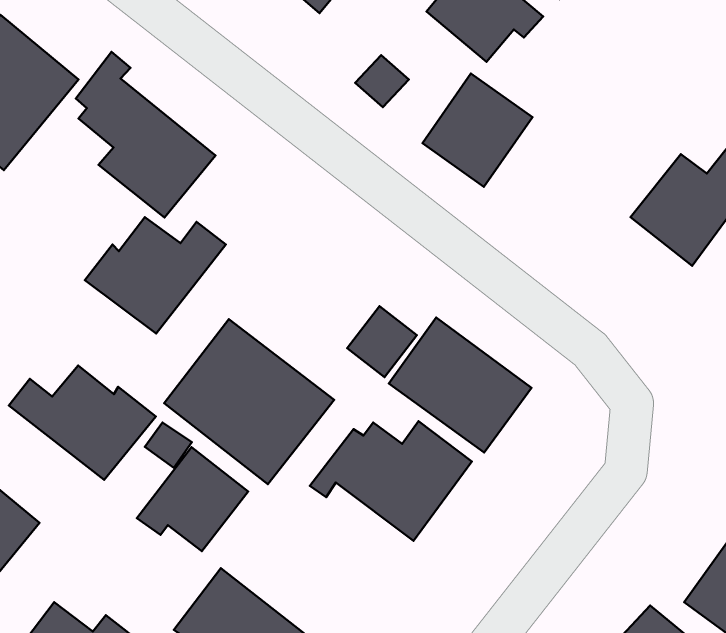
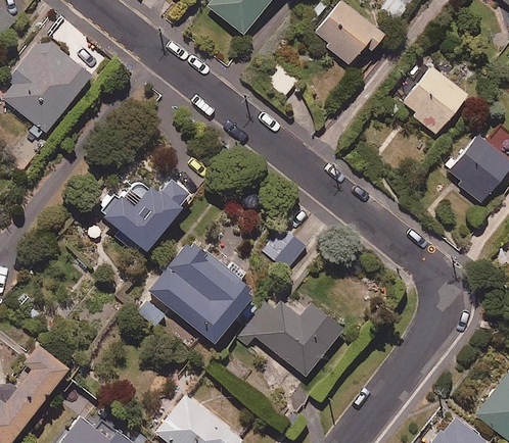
building: [76,52,216,218] -> none
building: [422,74,532,187] -> [397,60,466,132]
building: [389,318,532,452] -> none
building: [9,366,156,480] -> none
building: [137,447,248,551] -> none

